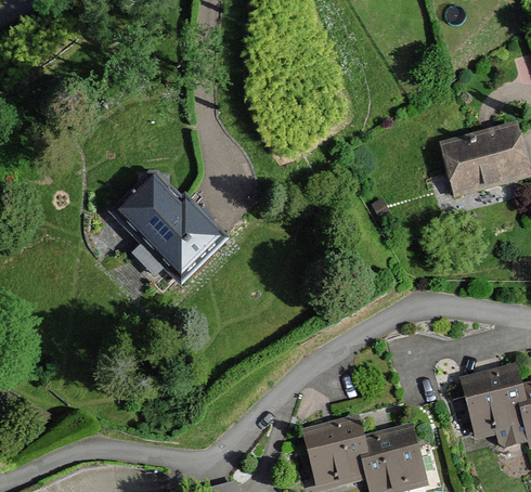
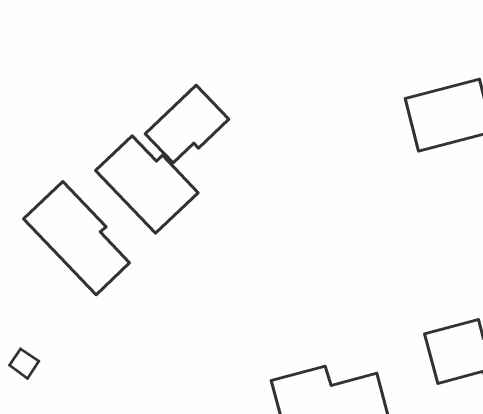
building: none -> [145,85,229,163]
building: none -> [24,181,130,295]

